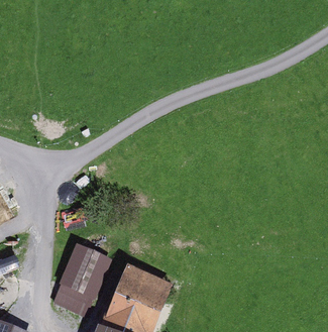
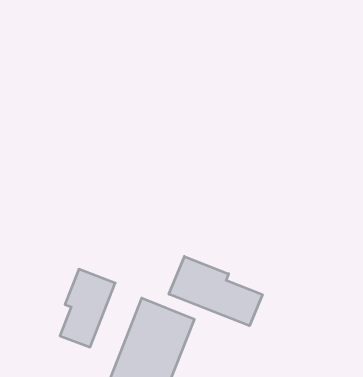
building: none -> [169,256,262,326]

